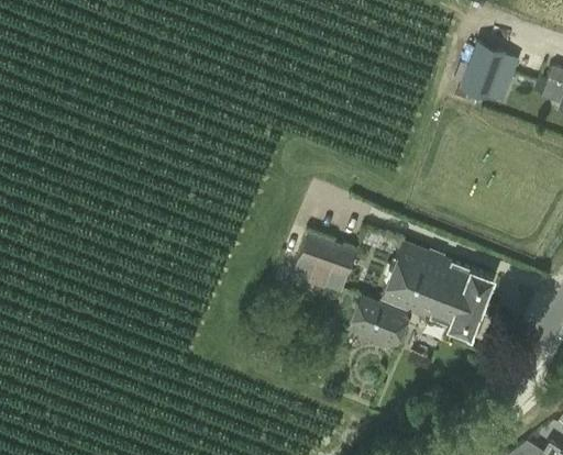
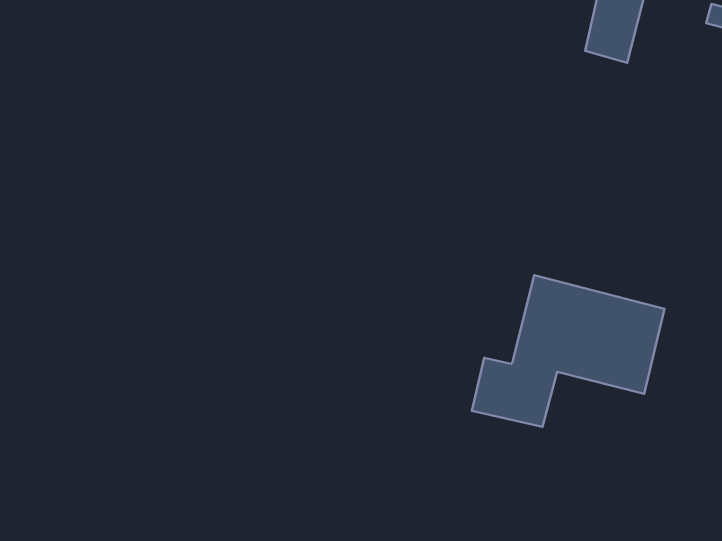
building: [294,235,357,296] -> none

